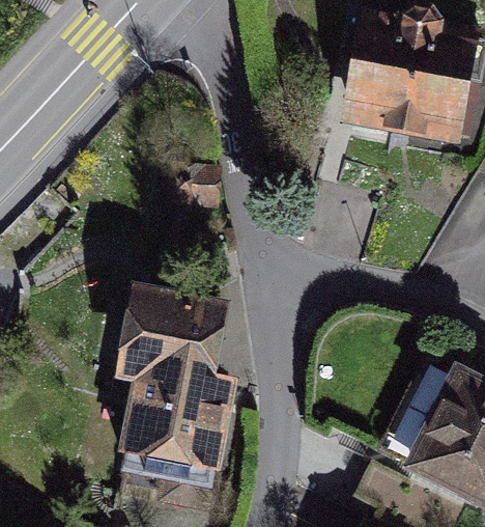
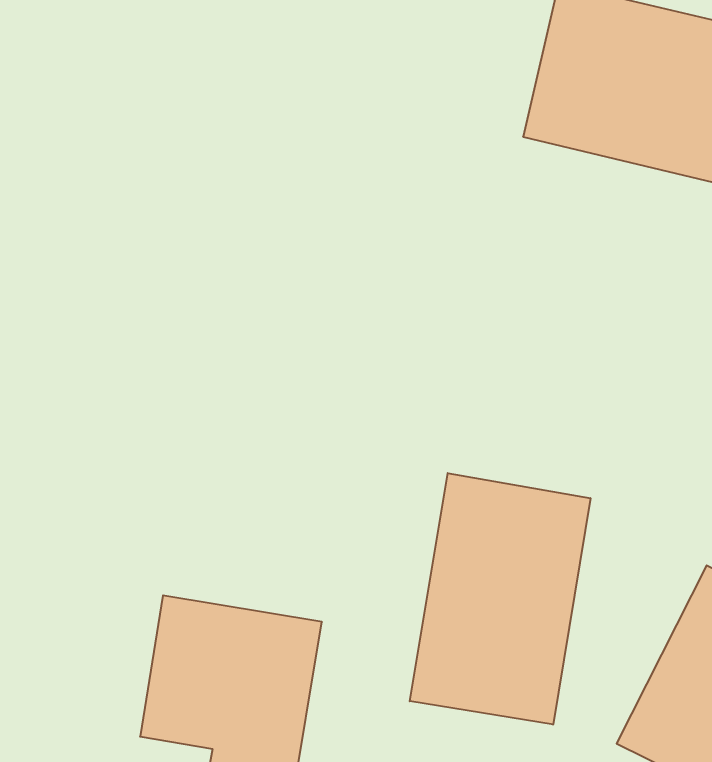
building: [113,282,241,396] -> none
building: none -> [410,473,590,725]

